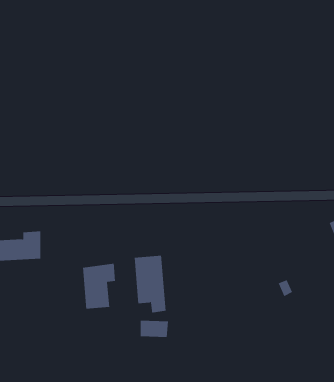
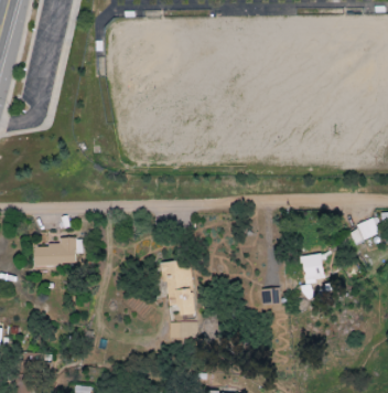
building: none -> [300,253,325,282]
building: [82,263,115,310] -> none

